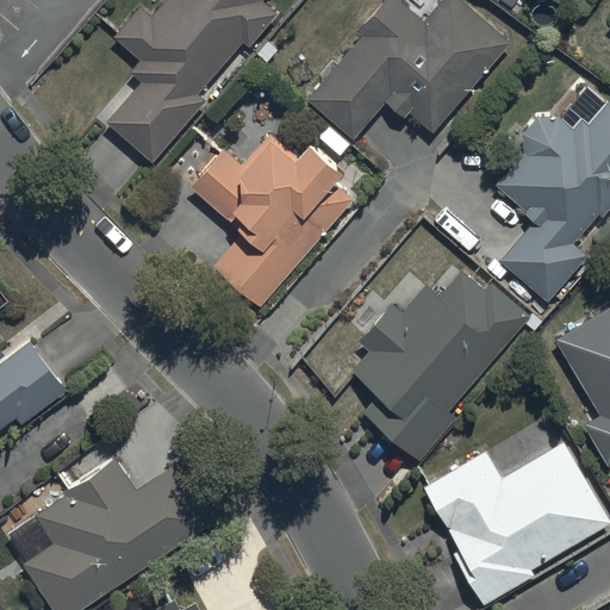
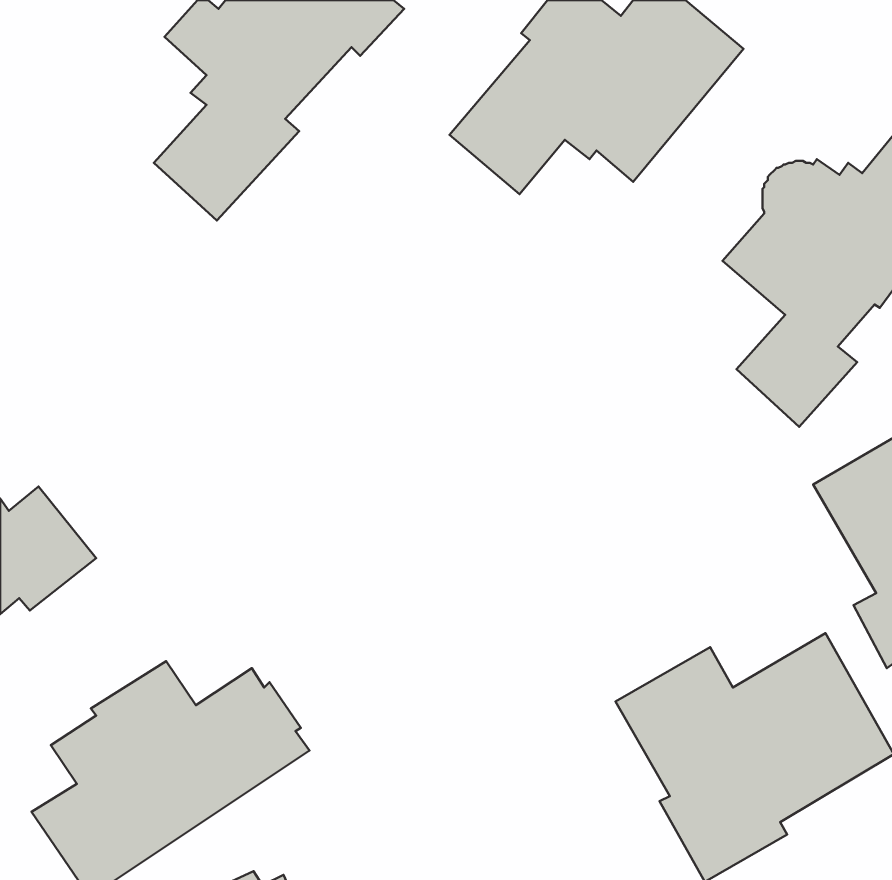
building: [183,130,351,306] -> none
building: [351,272,528,463] -> none

